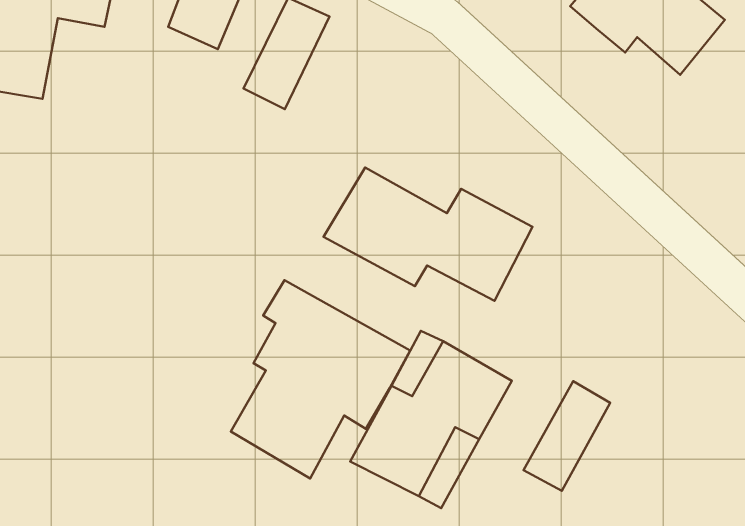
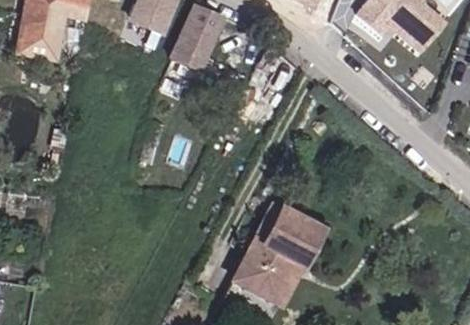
building: [323,167,533,301] -> none
building: [231,280,410,478] -> none
building: [523,381,610,491] -> none

